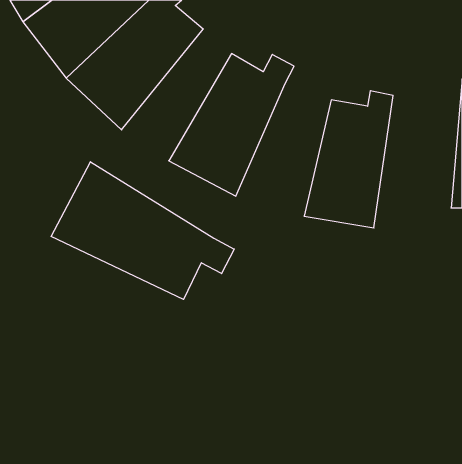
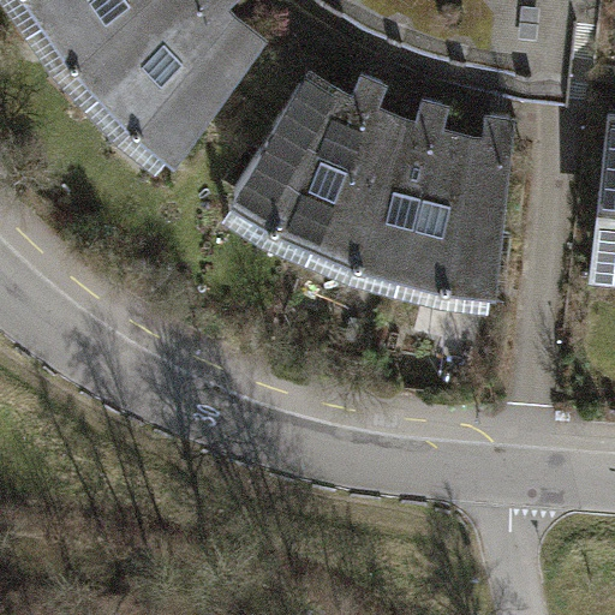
building: none -> [312,102,447,286]
building: [51,162,234,299] -> none

